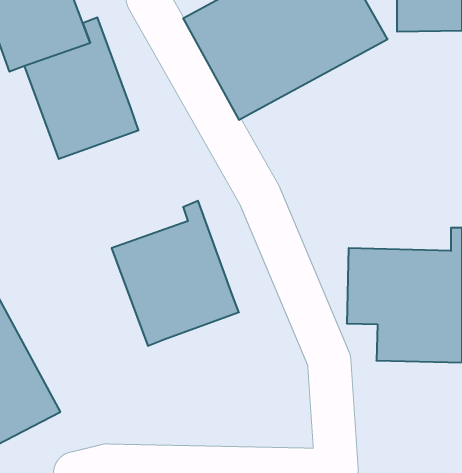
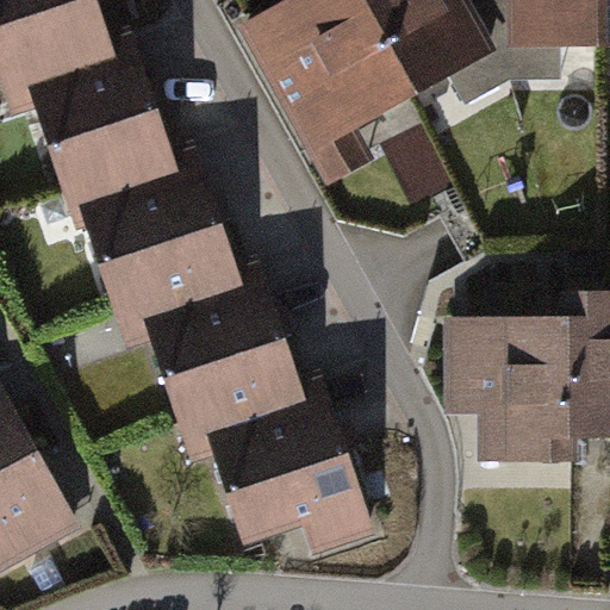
building: none -> [75,133,241,328]
building: none -> [211,373,374,562]

